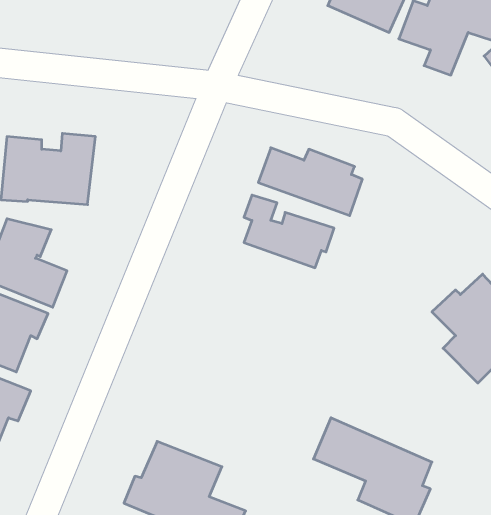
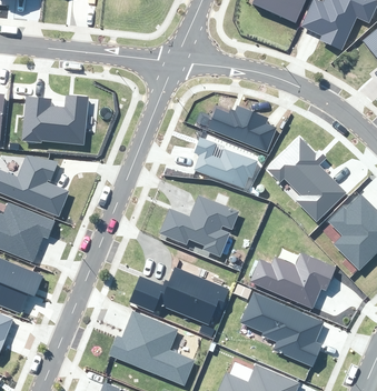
building: none -> [266,137,346,221]
building: none -> [158,194,240,257]
building: none -> [249,252,336,308]
building: none -> [130,267,230,324]

